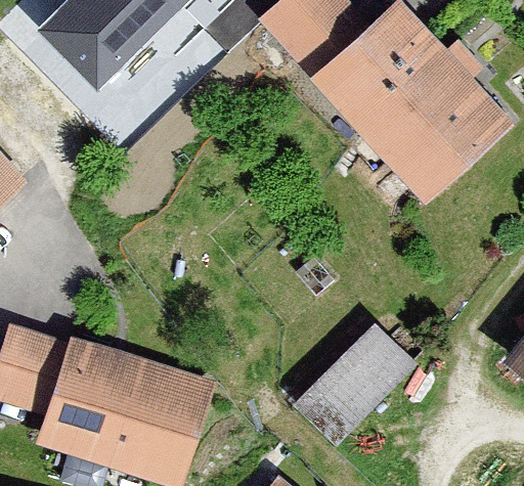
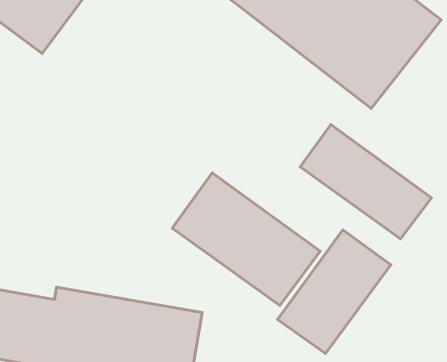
building: none -> [300,125,432,239]
building: none -> [172,173,320,305]

